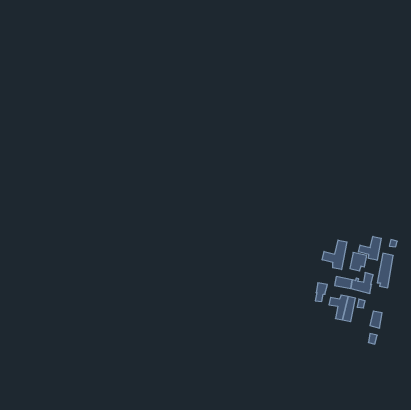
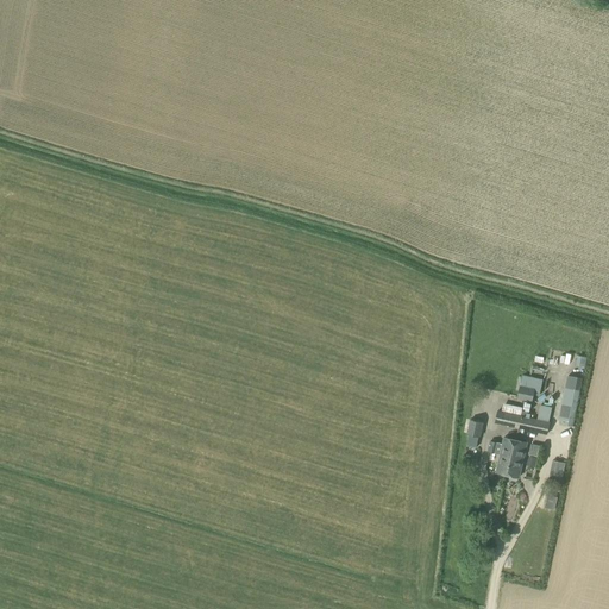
building: [359,236,381,260] -> none
building: [322,240,347,270] -> none

